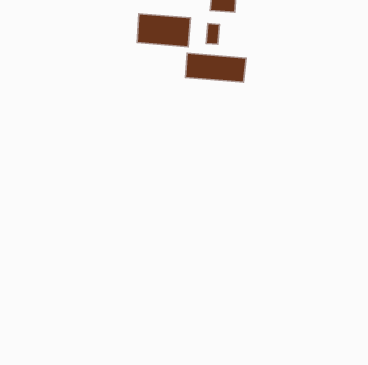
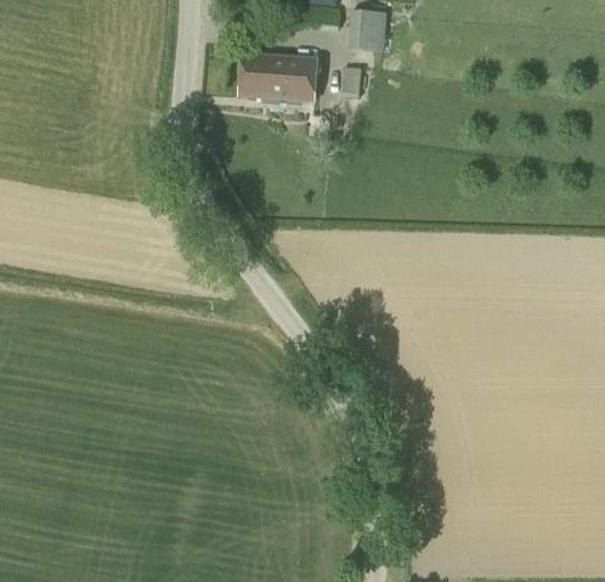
building: [186,53,246,82] -> none

